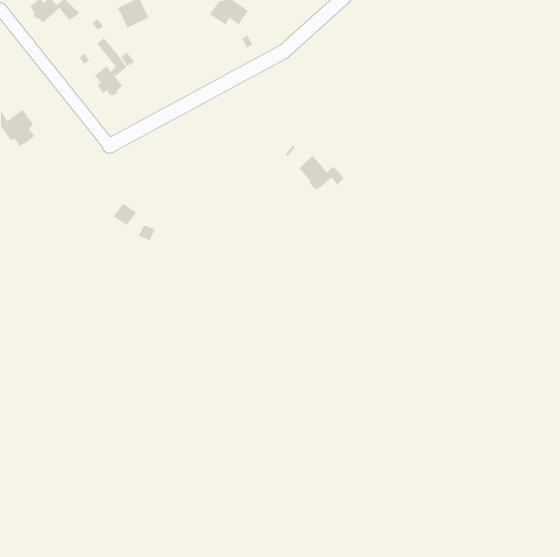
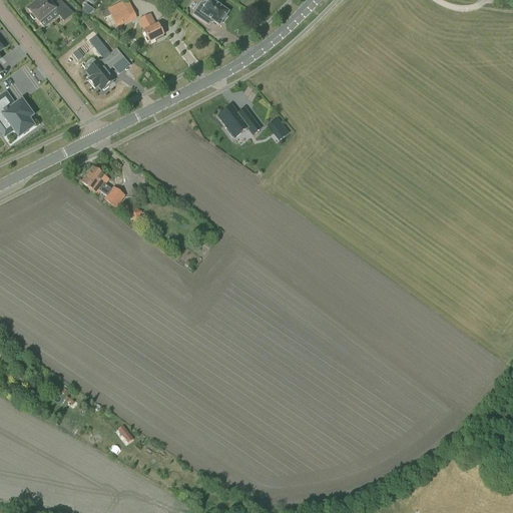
building: none -> [137,12,163,40]
building: [299,155,345,190] -> [218,102,261,134]
building: none -> [81,165,110,192]

